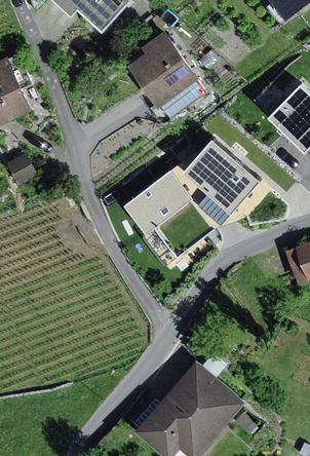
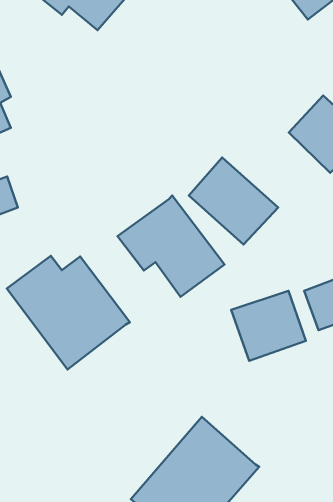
building: [127,30,203,119] -> none
building: none -> [7,256,130,369]
building: none -> [231,291,306,361]

